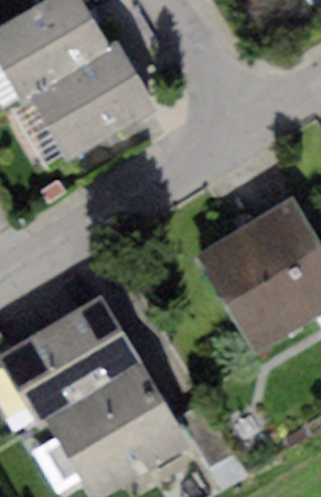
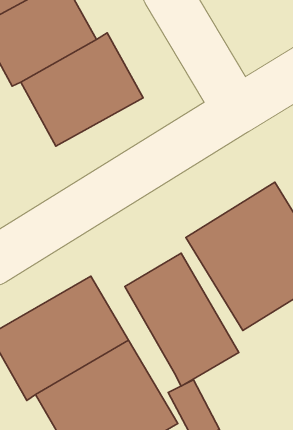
building: none -> [125,253,239,386]

